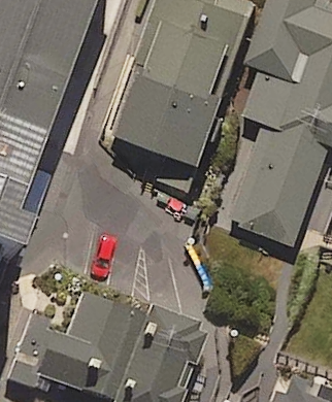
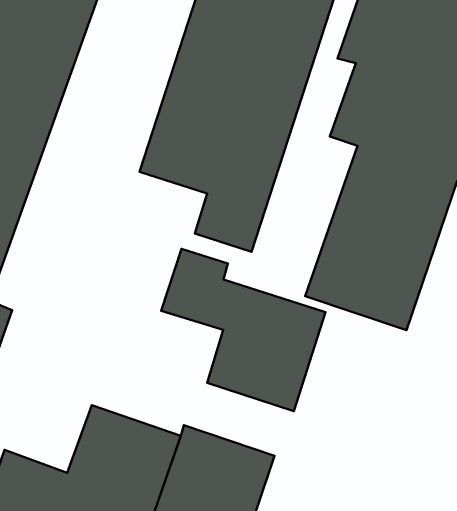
building: none -> [161,249,325,411]

